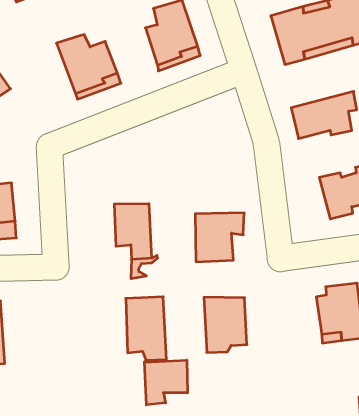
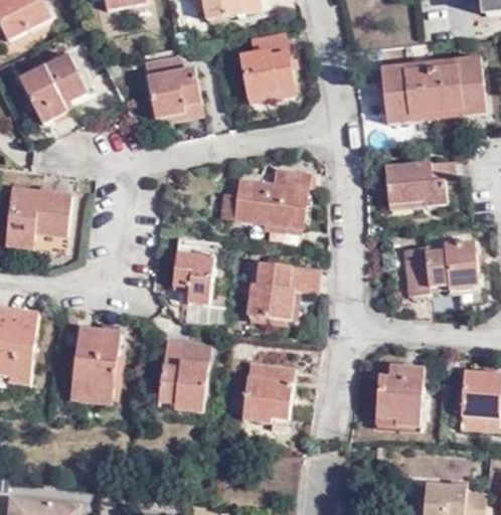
building: none -> [210,171,302,224]
building: none -> [70,330,123,397]
building: [144,360,187,405] -> none

